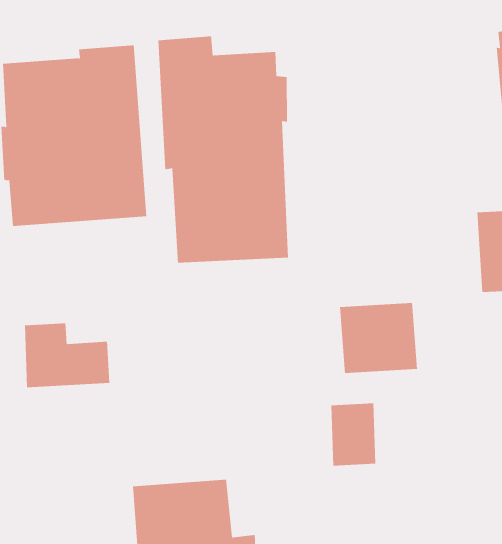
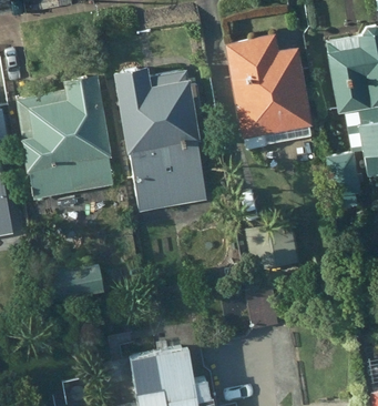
building: none -> [224,32,314,149]

